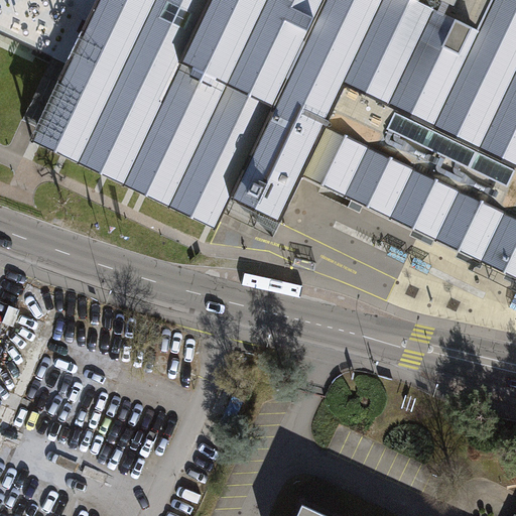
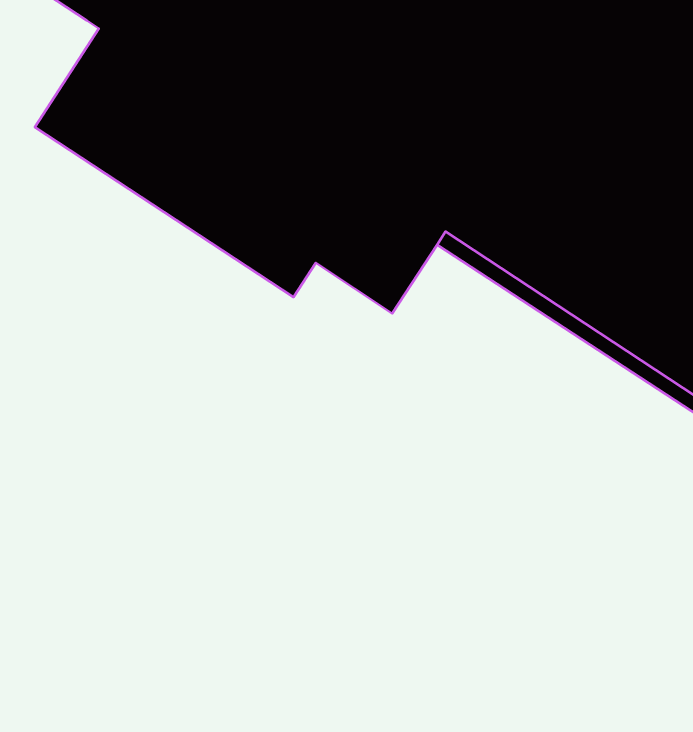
building: [31,63,220,227] -> none

